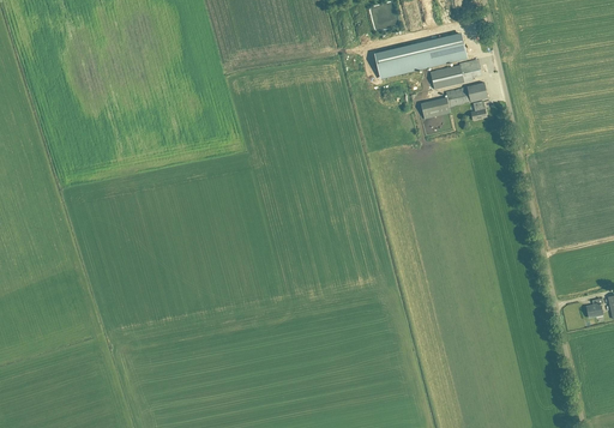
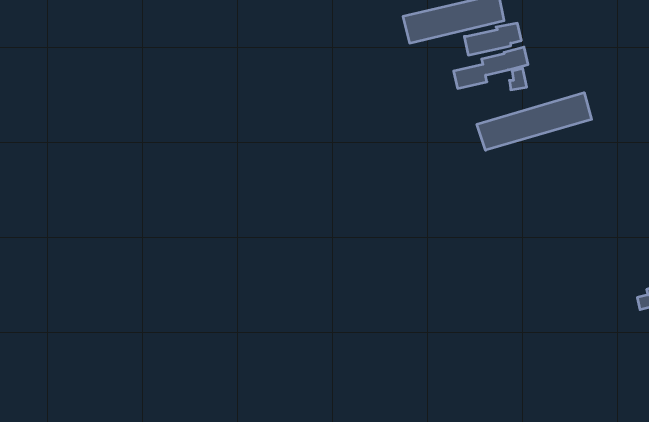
building: none -> [477,93,592,150]

